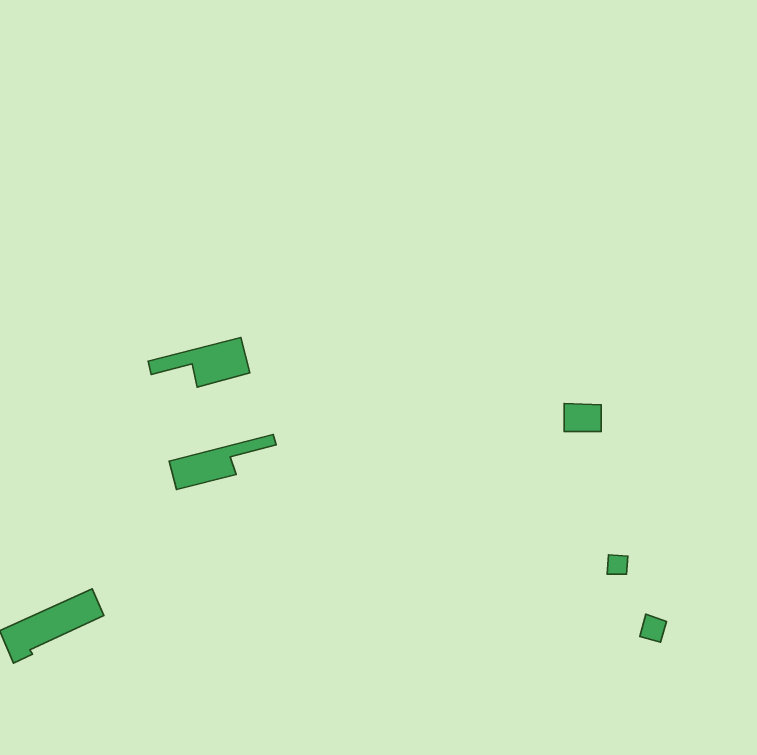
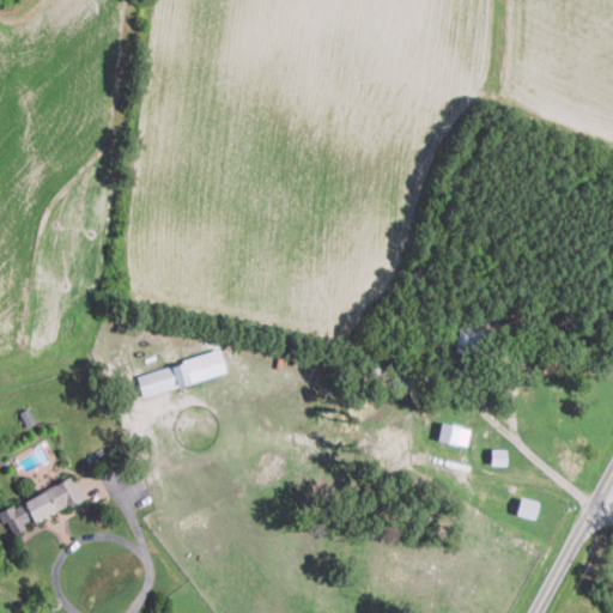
building: [148,337,250,387] -> none
building: none -> [438,425,471,448]

